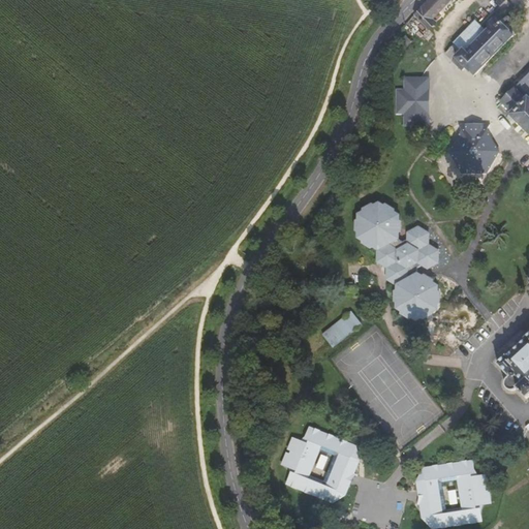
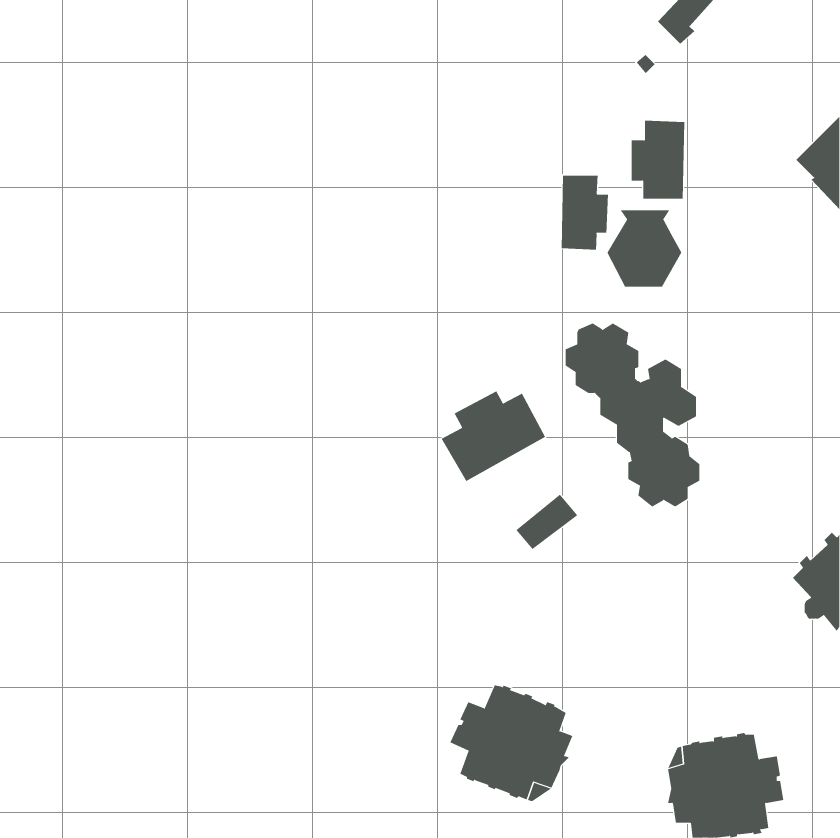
building: [444,17,512,75] -> none
building: none -> [561,175,609,251]
building: [447,122,495,170] -> [606,210,682,287]
building: none -> [441,391,546,482]

